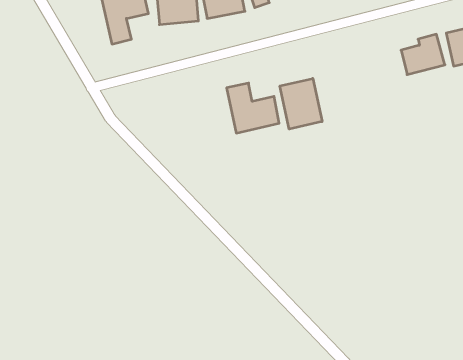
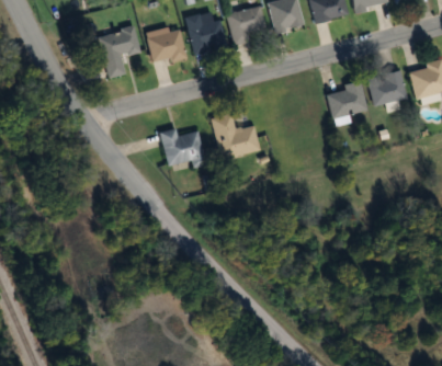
building: none -> [327,81,367,119]
building: [280,78,322,129] -> none
building: none -> [160,129,205,168]

